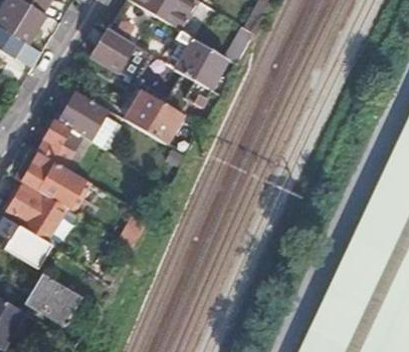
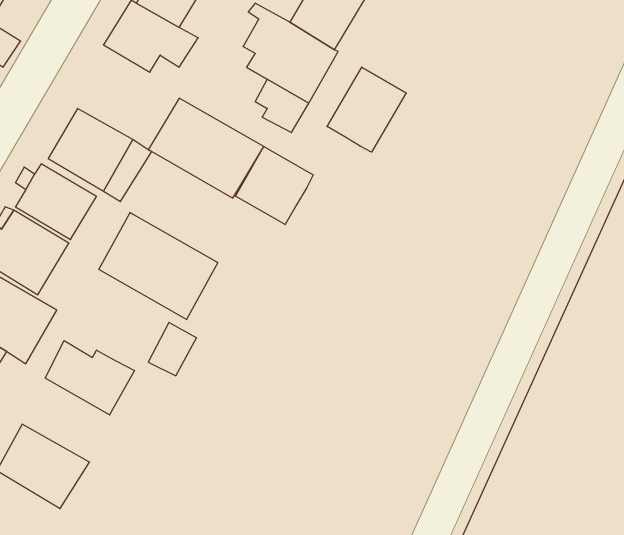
building: none -> [327,67,406,152]
building: none -> [236,147,313,225]
building: none -> [99,212,218,320]
building: none -> [45,341,135,415]

